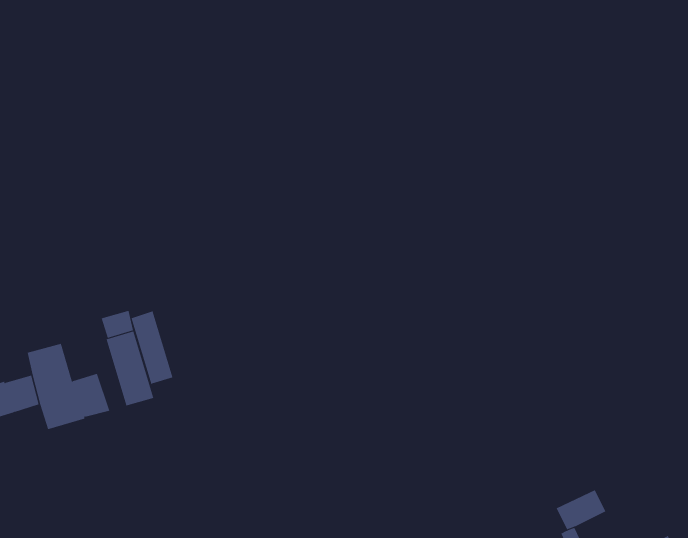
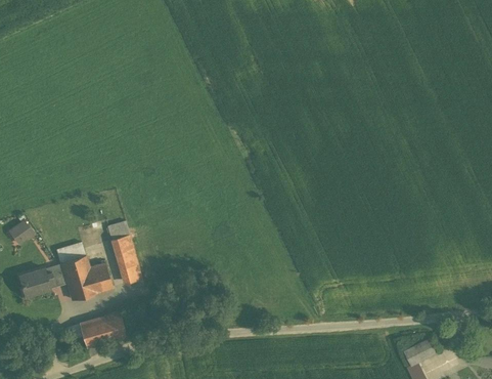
building: [131,311,173,385] -> none
building: none -> [80,312,127,347]

